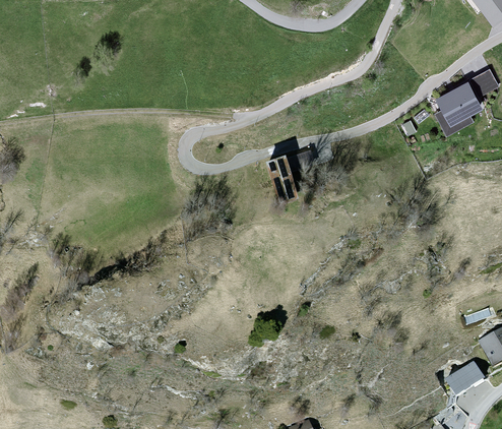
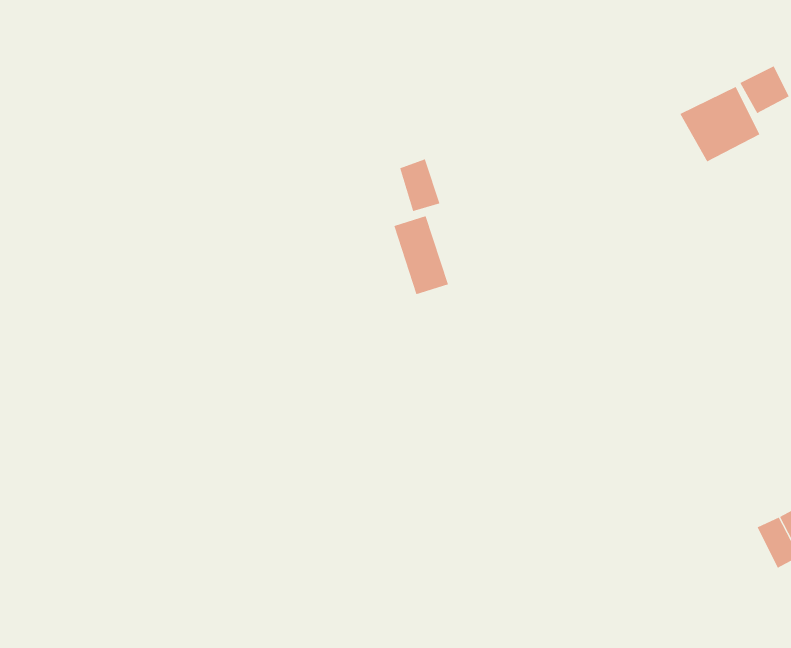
building: none -> [399,158,440,212]
building: [448,363,483,394] -> none

